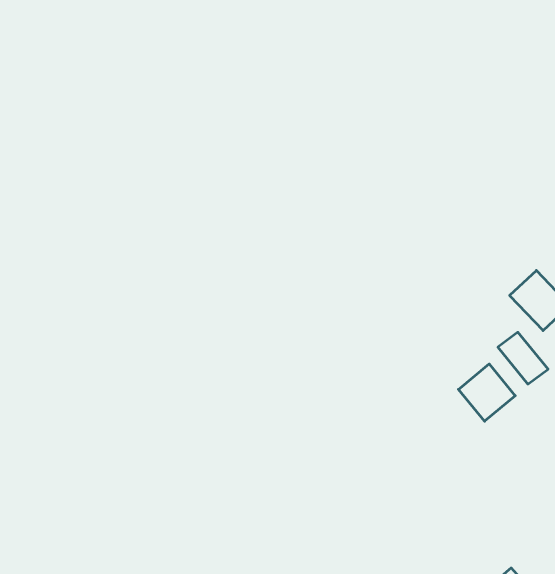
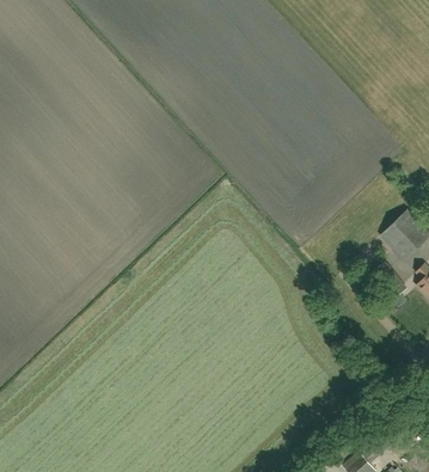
building: [458,364,515,421] -> none

